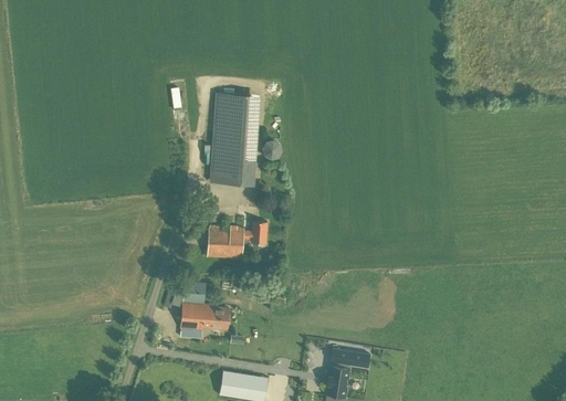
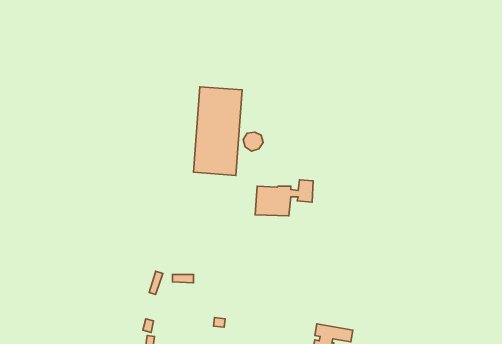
building: [206,221,266,258] -> [255,180,313,216]
building: [180,303,229,330] -> none

